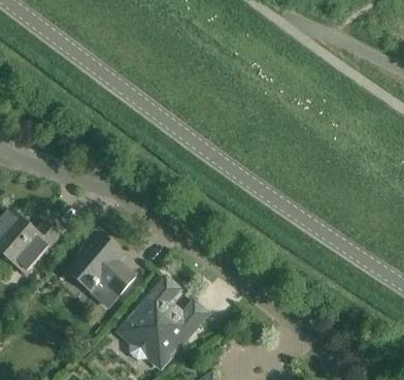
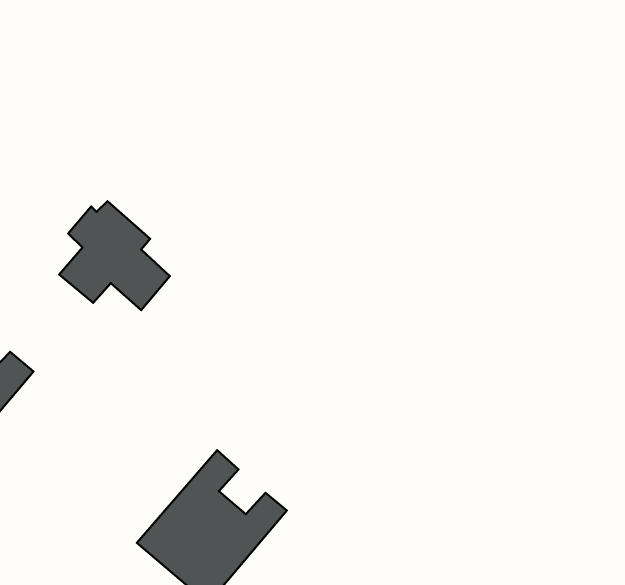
building: [70,232,134,295] -> [59,201,170,310]

